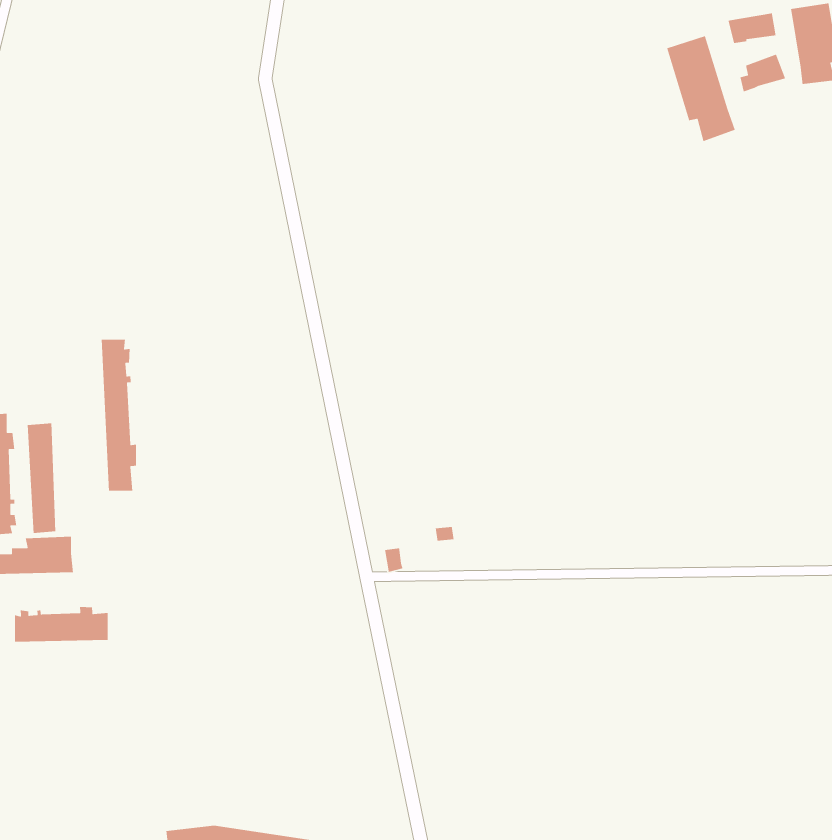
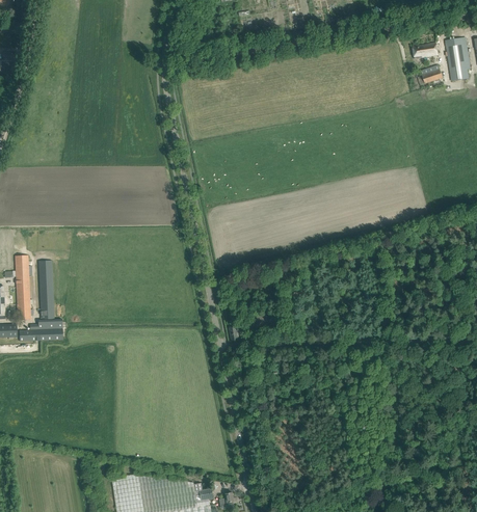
building: [666,35,736,142] -> none
building: [101,339,137,492] -> none
building: [14,606,109,643] -> none

